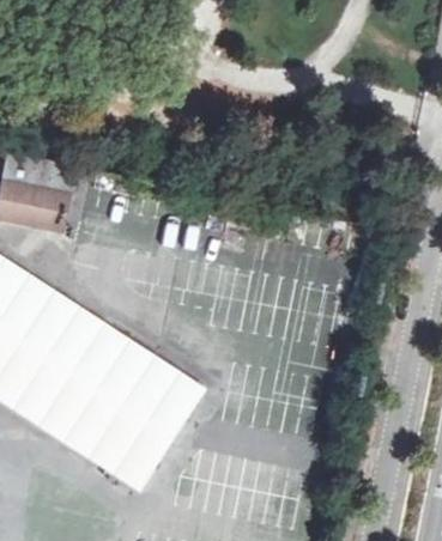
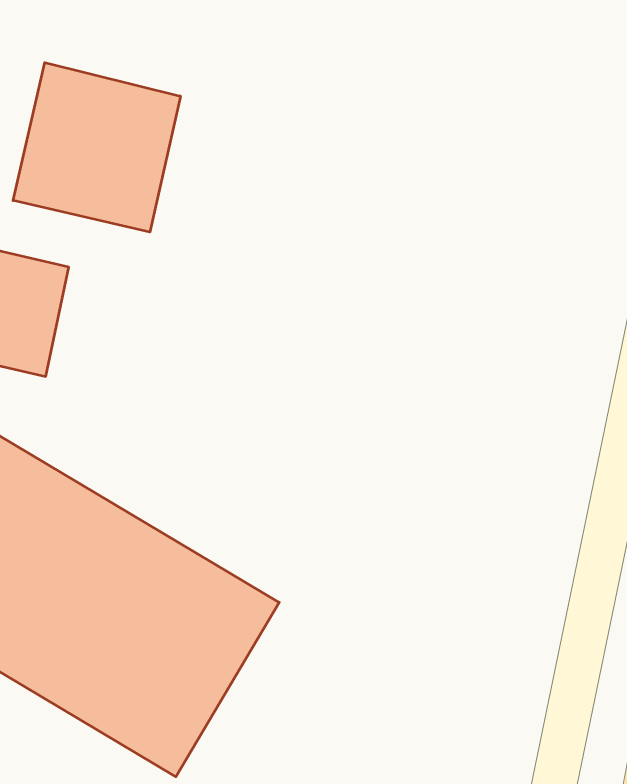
building: none -> [13,63,180,232]

